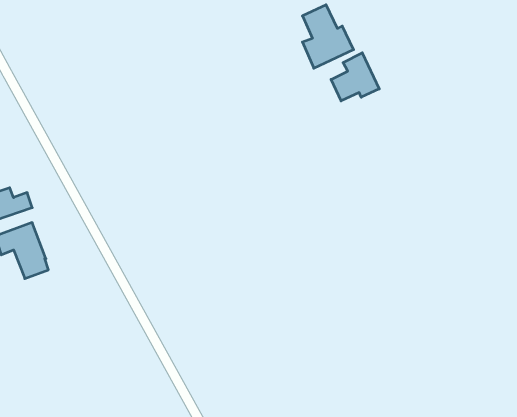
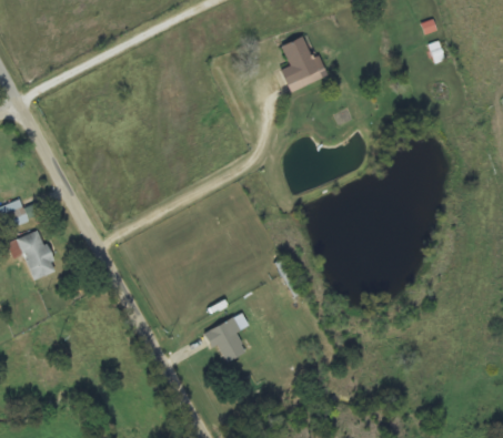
building: [331,53,379,101] -> none
building: none -> [203,316,247,363]

